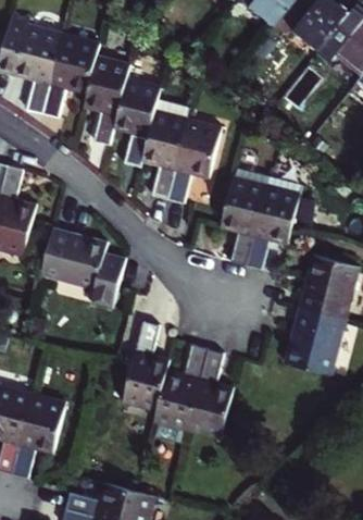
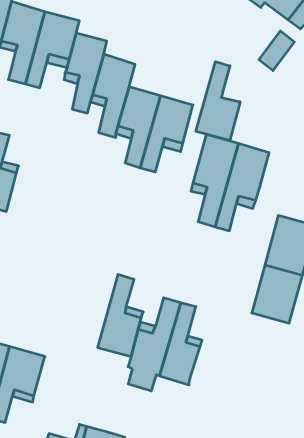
building: none -> [196,62,240,140]
building: [43,232,125,309] -> none

